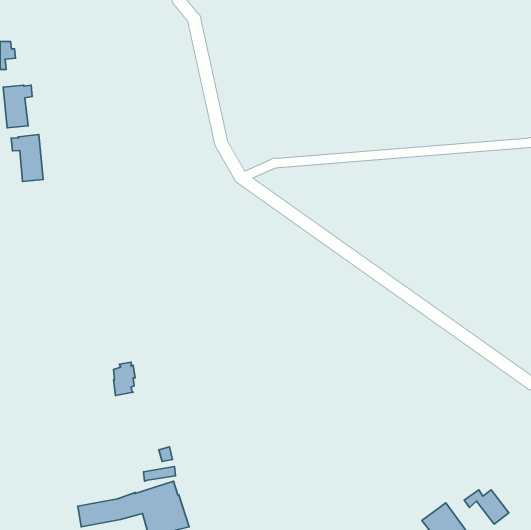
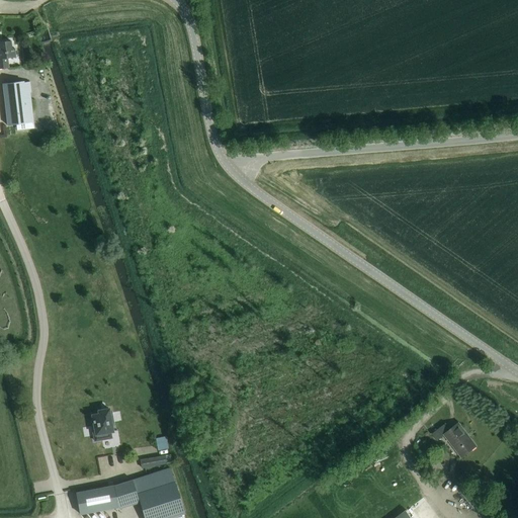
building: [11,135,43,182] -> none
building: [113,362,135,395] -> [92,409,113,441]
building: [464,490,509,524] -> [432,424,476,457]

